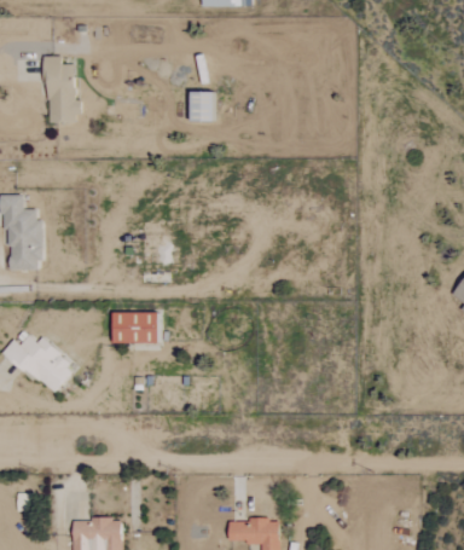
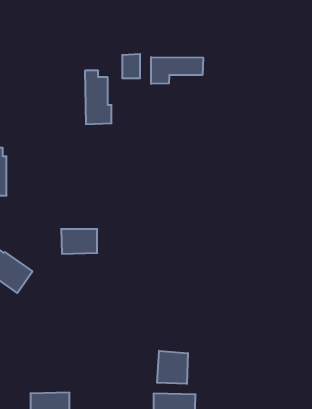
building: [46,56,80,123] -> [85,71,112,124]
building: none -> [151,57,203,84]
building: none -> [157,351,188,384]

